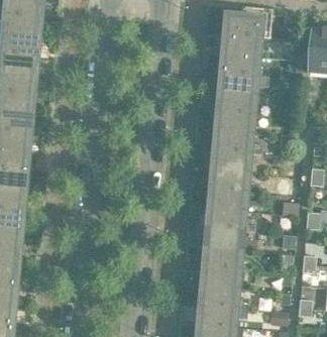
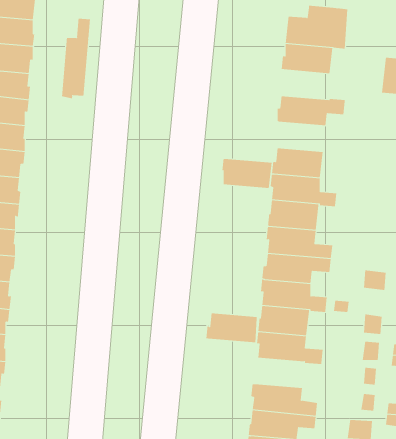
building: none -> [61,18,91,99]
building: [219,53,256,76] -> none
building: [216,92,253,114] -> [222,158,272,189]
building: [199,265,237,288] -> [205,313,258,343]

